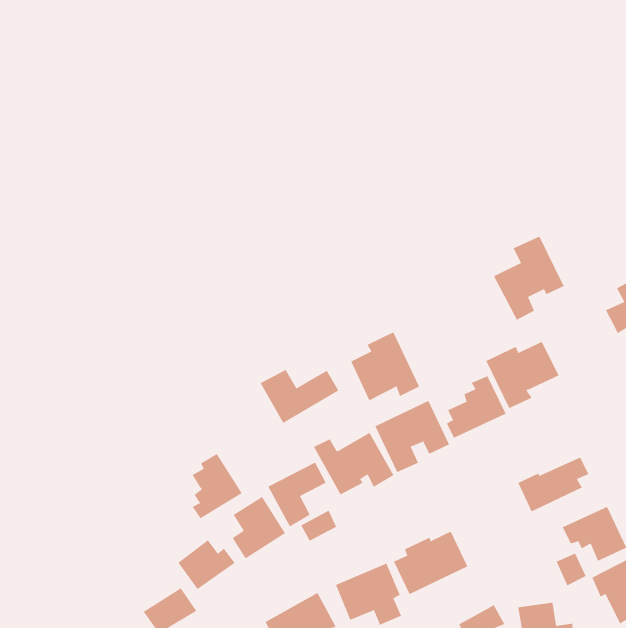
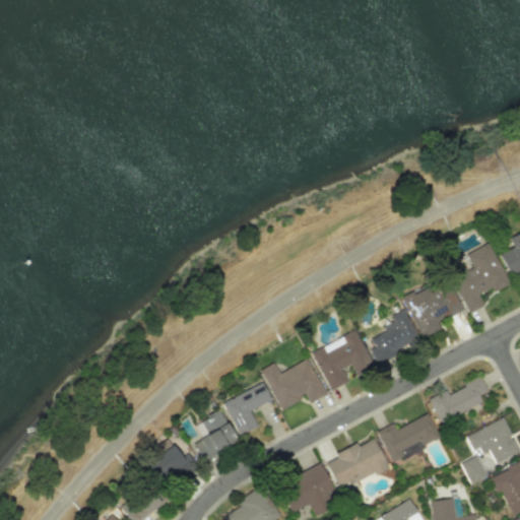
building: [493,236,565,321] -> [451,244,510,314]
building: [350,332,420,401] -> none
building: [260,369,339,424] -> none
building: [192,453,242,519] -> none
building: none -> [378,412,442,462]
building: [300,510,337,542] -> none

